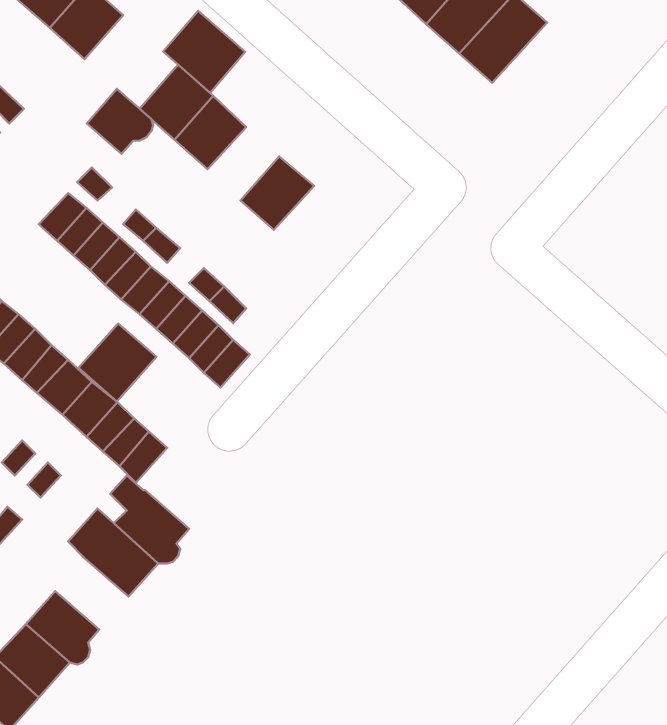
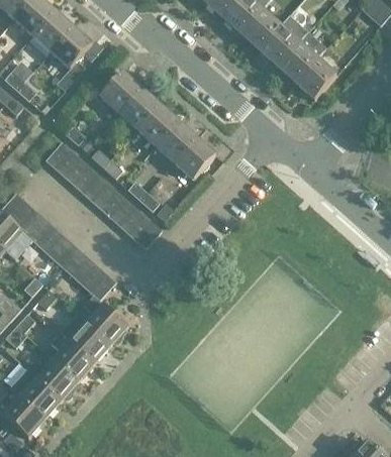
building: [163,11,245,93] -> none
building: none -> [294,47,334,98]
building: [87,89,153,154] -> none
building: none -> [137,105,177,145]
building: none -> [174,137,215,179]
building: [78,323,157,401] -> none
building: none -> [51,333,94,381]

